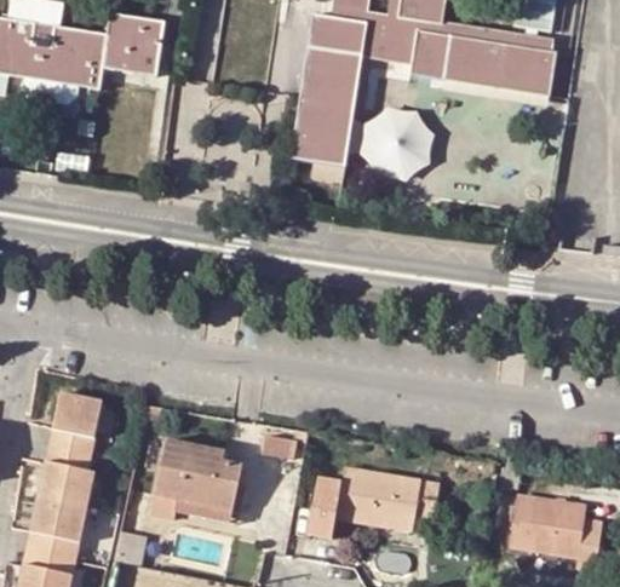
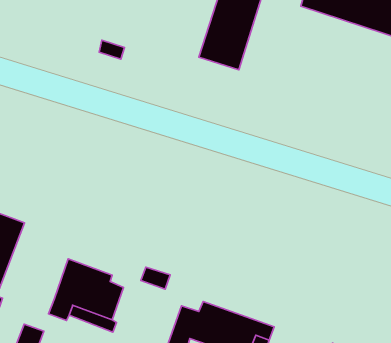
building: [364,104,434,167] -> none

